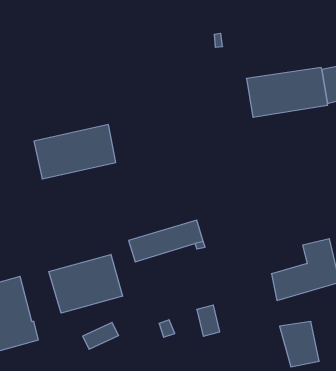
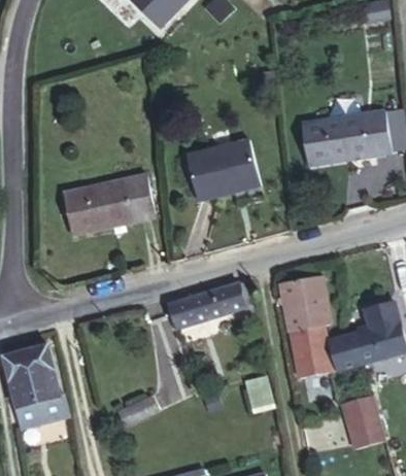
building: none -> [188,139,261,201]
building: none -> [280,276,336,378]
building: [49,254,123,313] -> none

